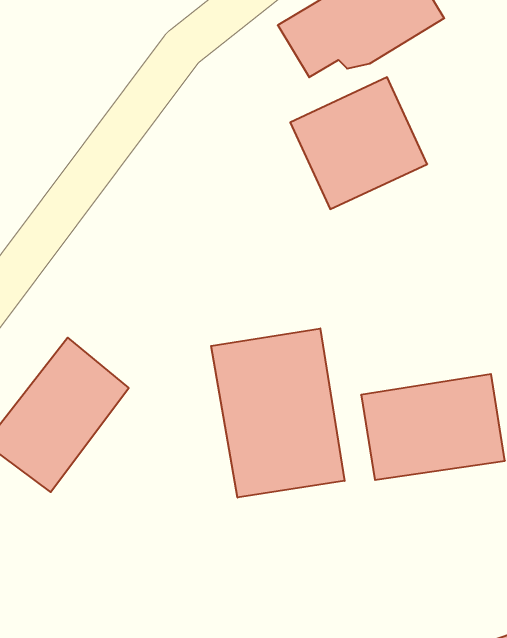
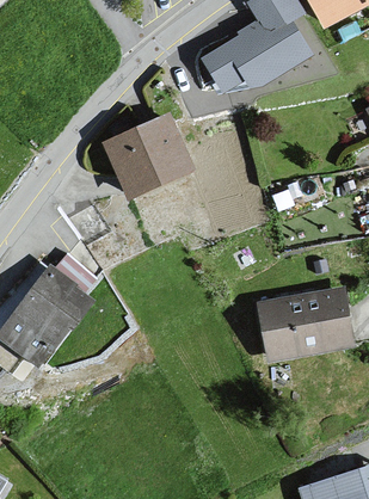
building: [290,77,427,209] -> [103,115,197,205]
building: [211,328,345,498] -> none

